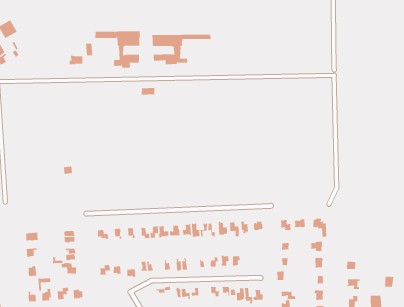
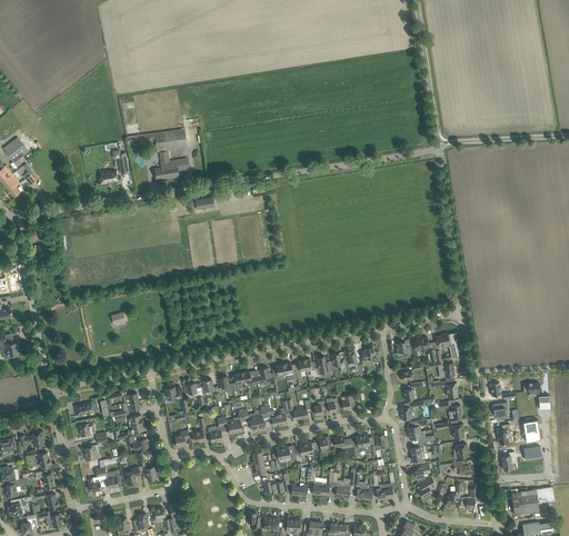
building: [152,34,211,65] -> none

